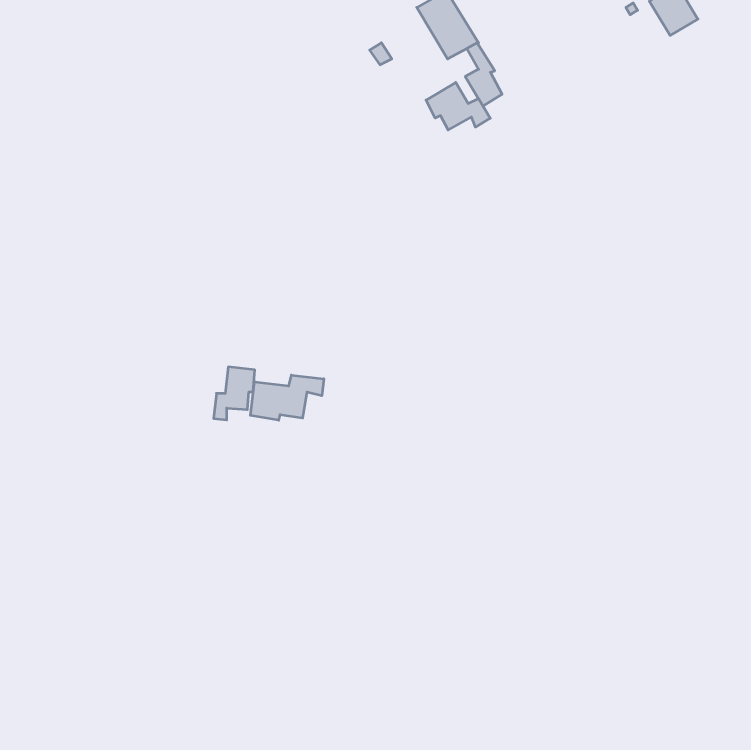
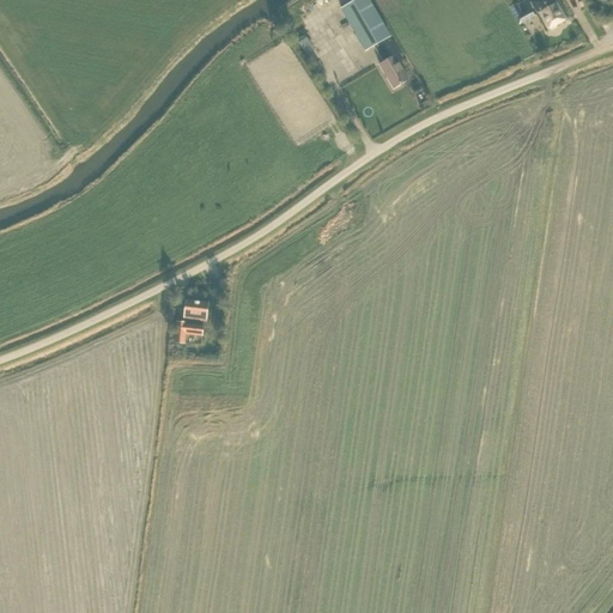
building: [426,82,490,130] -> none
building: [250,375,324,420] -> none

